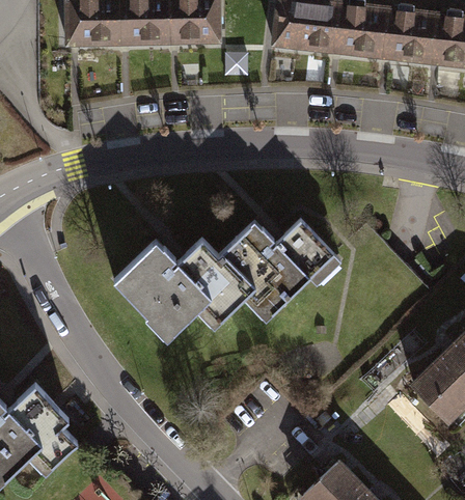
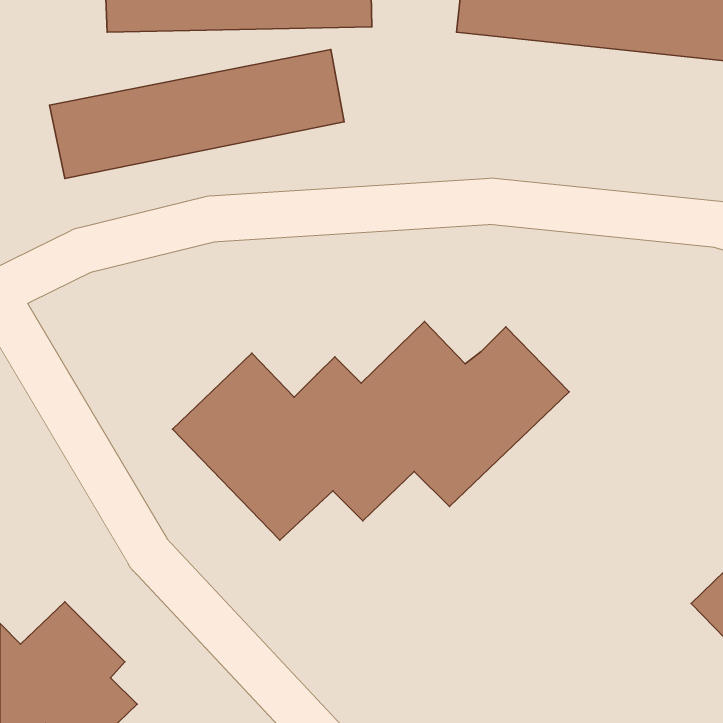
building: none -> [49,50,344,179]

